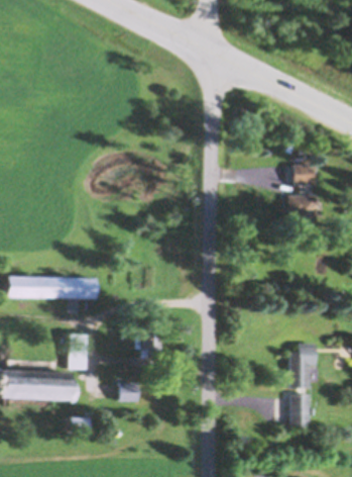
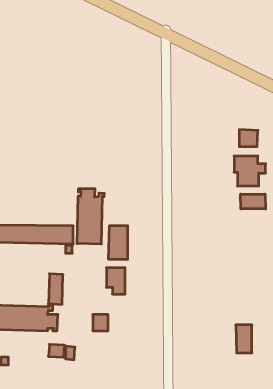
building: none -> [77,189,104,244]
building: none -> [241,194,266,209]
building: none -> [109,226,128,259]
building: [289,343,317,388] -> none

